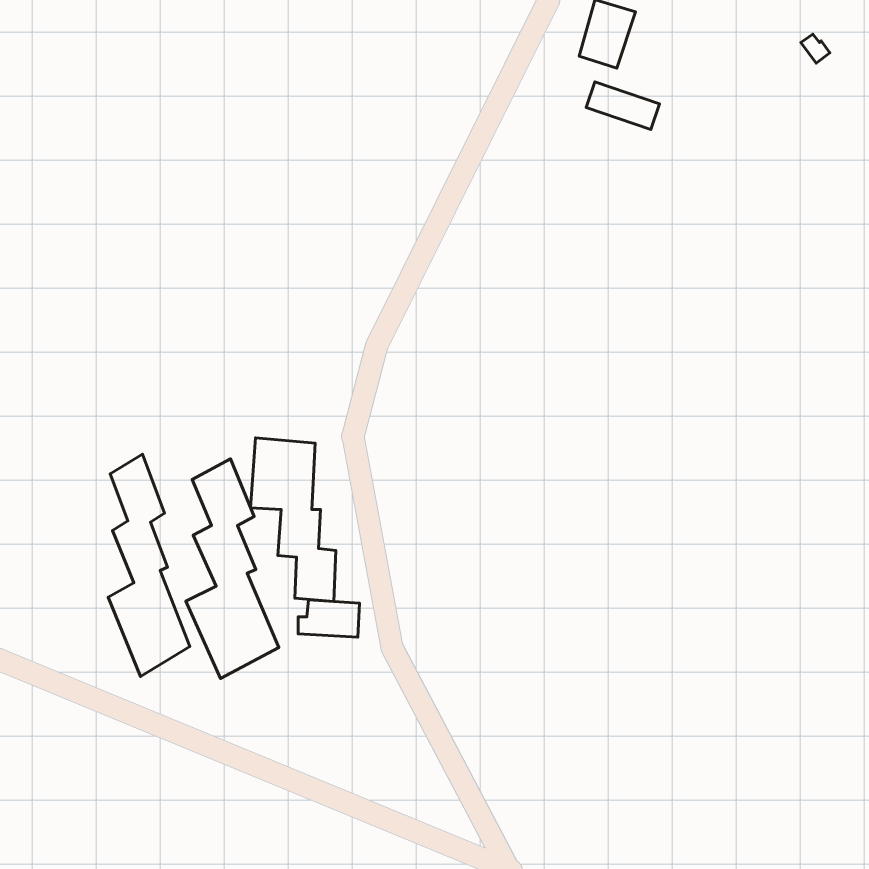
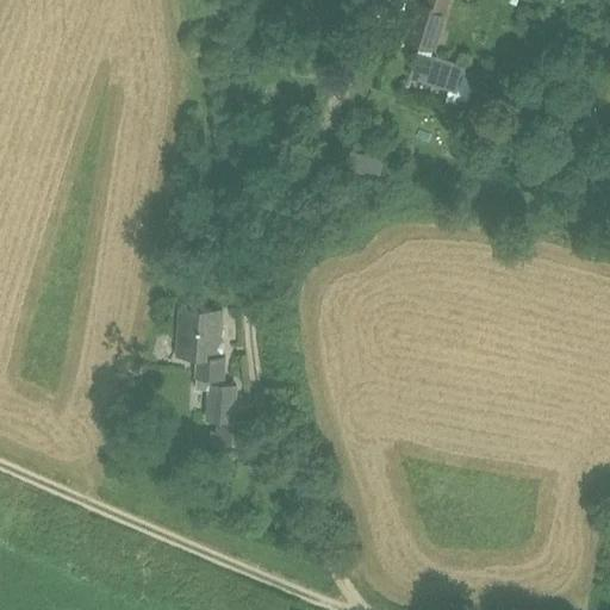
building: [108,454,190,677] -> none
building: [186,459,279,679] -> none

